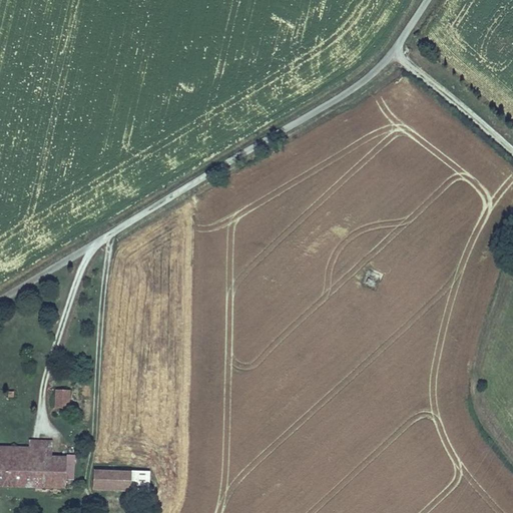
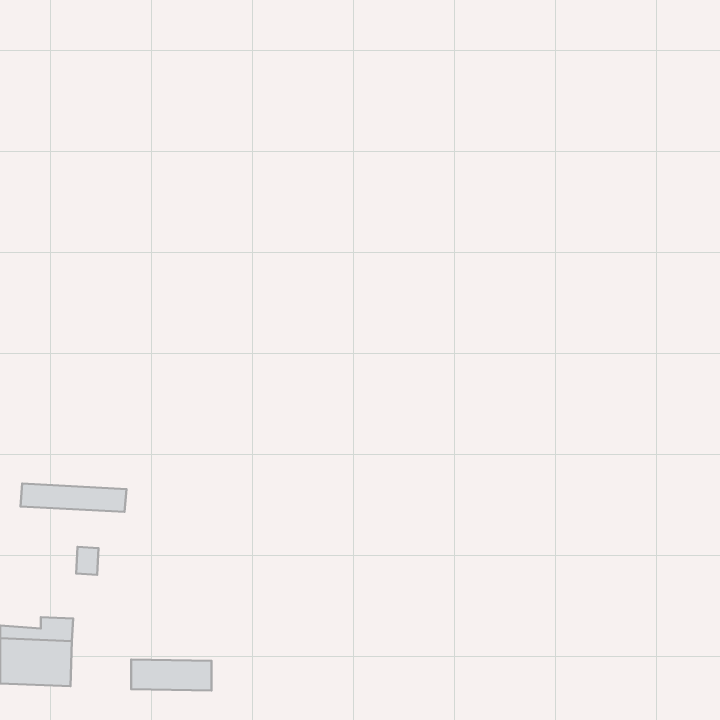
building: none -> [20,484,126,512]
building: [50,456,68,489] -> none

